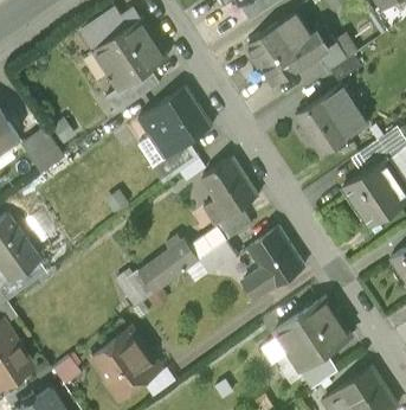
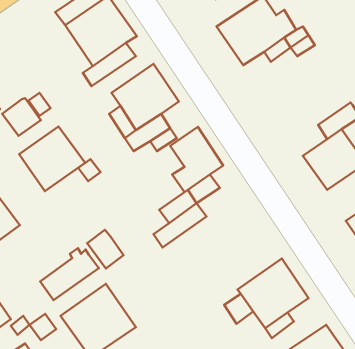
building: [296,81,374,156] -> none
building: none -> [19,126,85,191]
building: [240,226,305,302] -> none
building: [138,237,201,293] -> [40,248,99,300]

